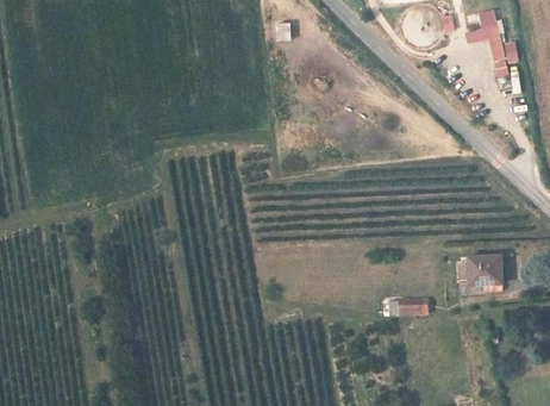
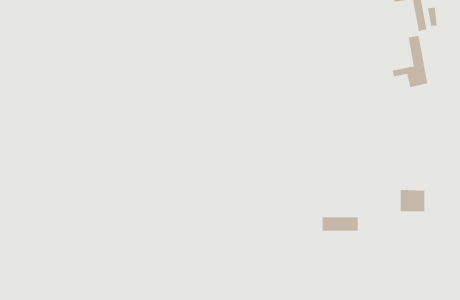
building: none -> [392,35,428,88]

